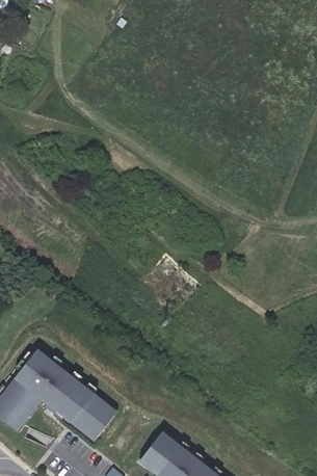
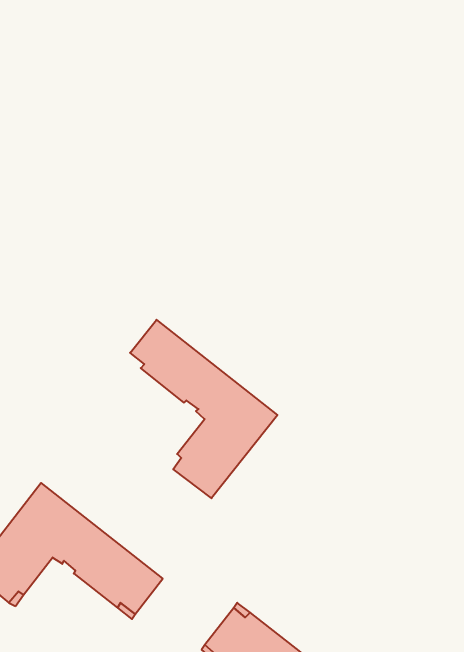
building: none -> [130,320,277,498]

